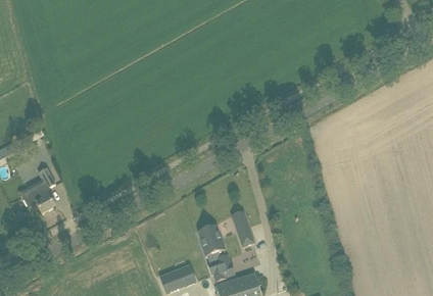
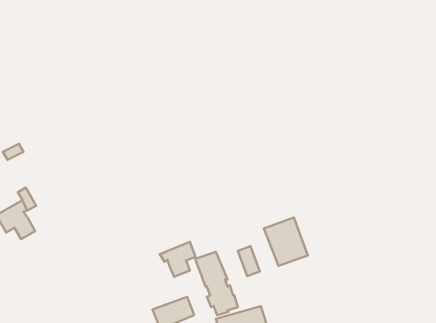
building: none -> [264,218,308,266]
building: none -> [160,242,195,277]

